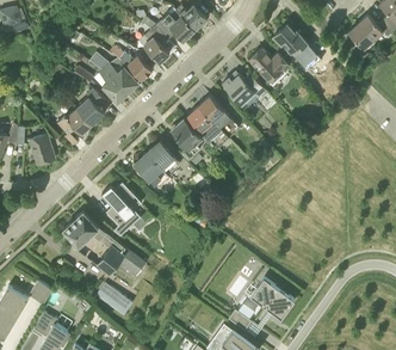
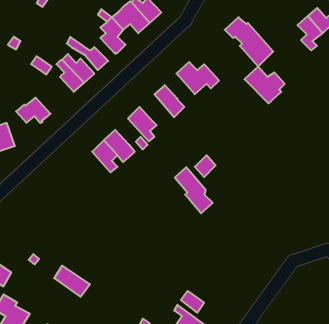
building: [247,48,289,86] -> [244,67,285,103]
building: [76,90,105,125] -> none
building: [187,105,227,153] -> [175,167,213,213]
building: [101,183,141,237] -> none
building: [63,211,142,276] -> none
building: [249,278,295,319] -> none

